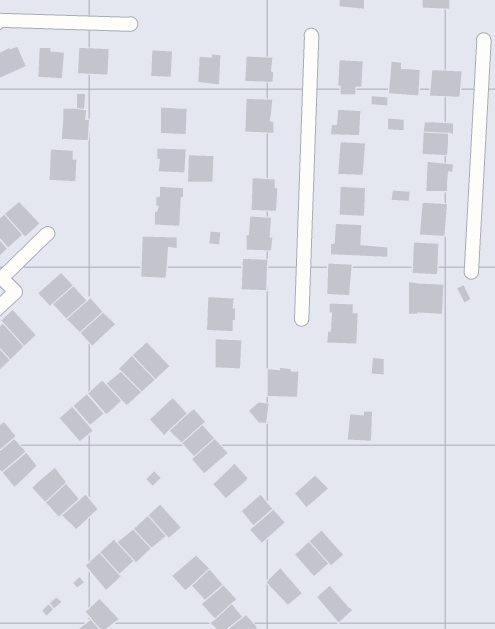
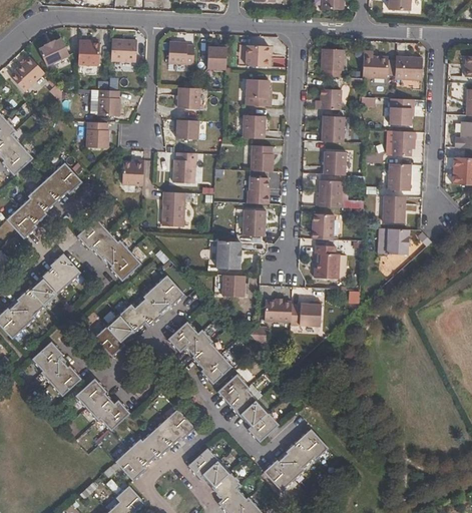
building: [187,155,214,182] -> [243,117,265,139]
building: none -> [121,159,143,184]
building: [347,411,373,441] -> [297,301,318,325]
building: [294,475,329,508] -> [230,389,259,416]
building: [316,585,353,623] -> [275,449,305,480]

